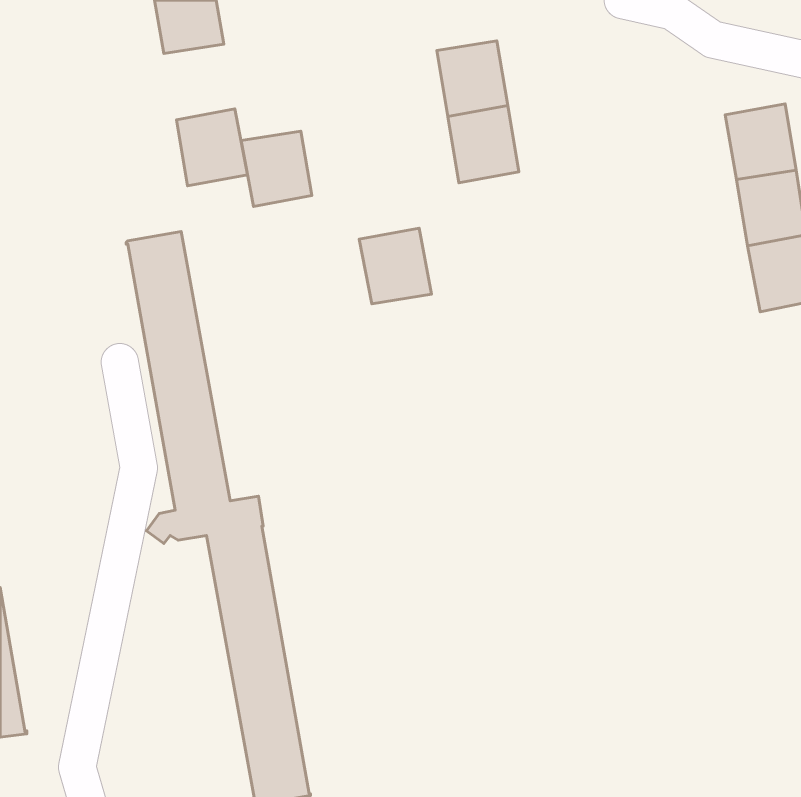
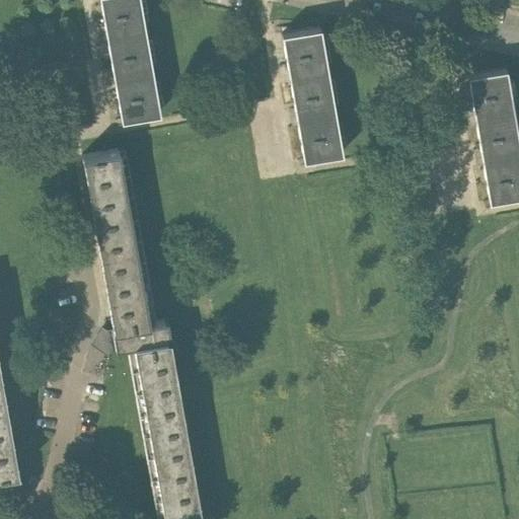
building: [241,131,312,207] -> [108,33,154,82]
building: [359,228,432,304] -> [298,116,345,164]

